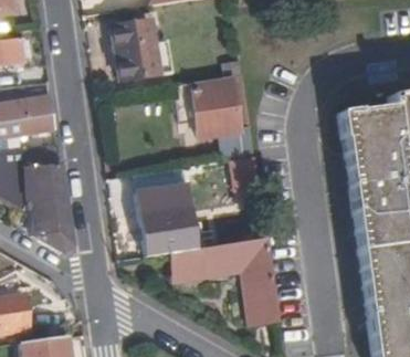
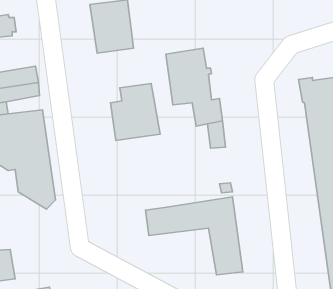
building: [141,193,196,255] -> [111,84,160,140]

